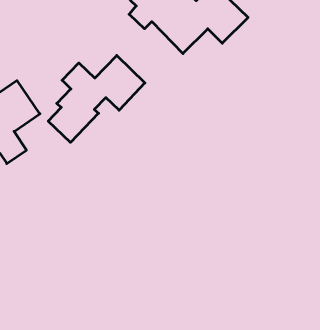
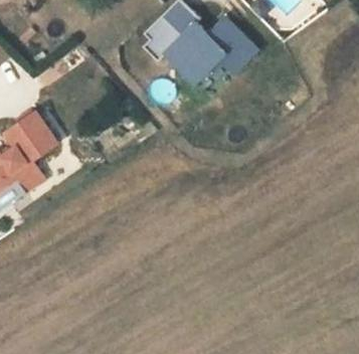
building: [48,55,145,142] -> none

